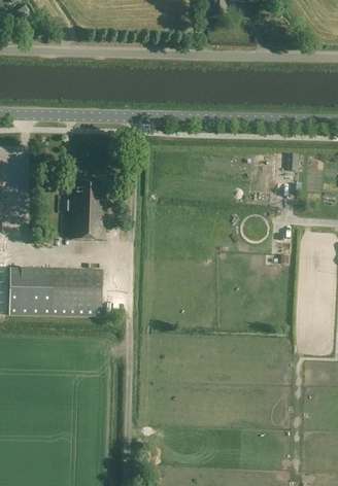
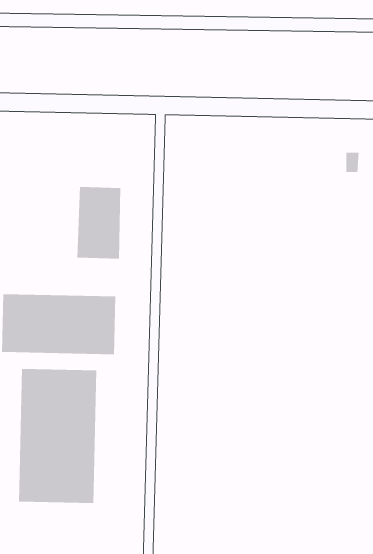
building: none -> [19,368,97,504]

